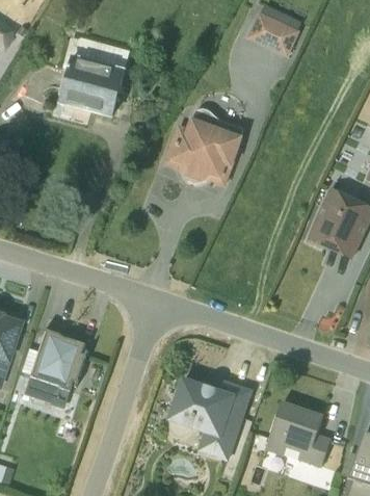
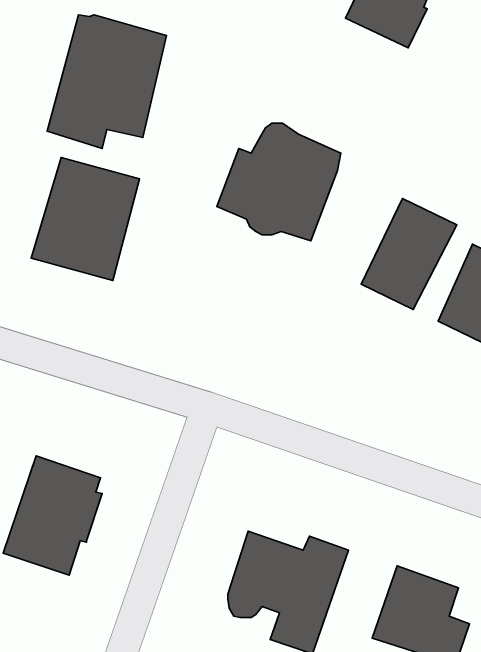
building: none -> [31,158,139,280]
building: none -> [361,198,457,310]

